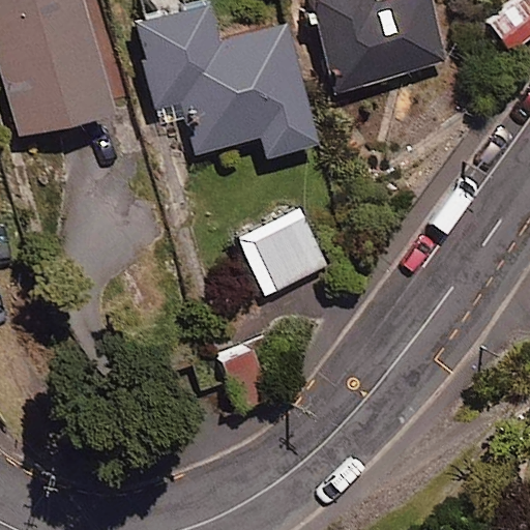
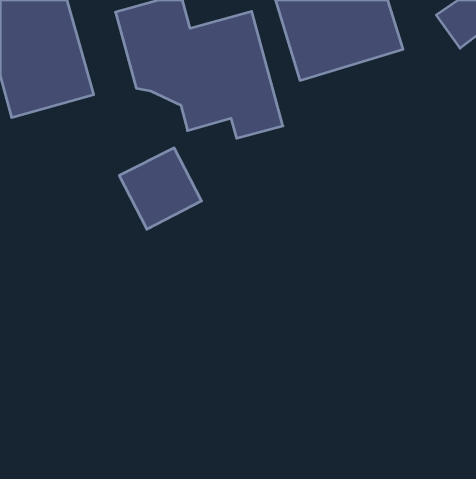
building: [237,206,327,295] -> [119,148,202,229]

